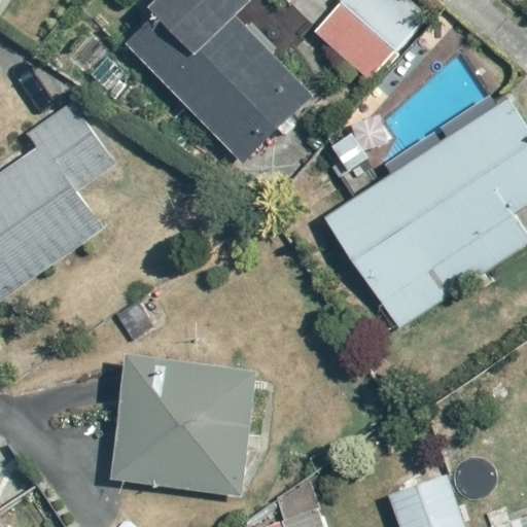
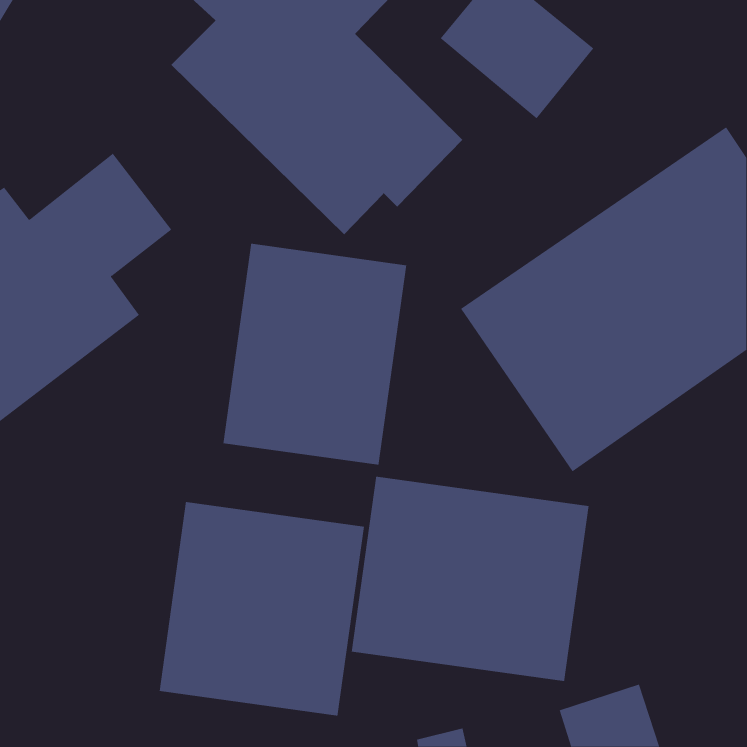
building: none -> [223,243,407,466]
building: none -> [351,476,589,682]

